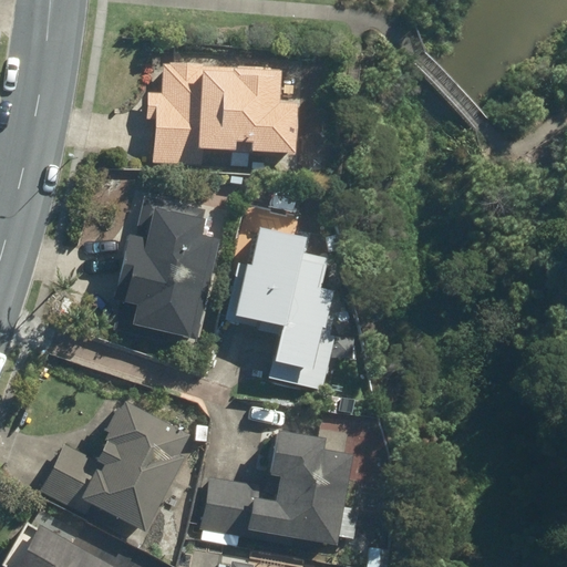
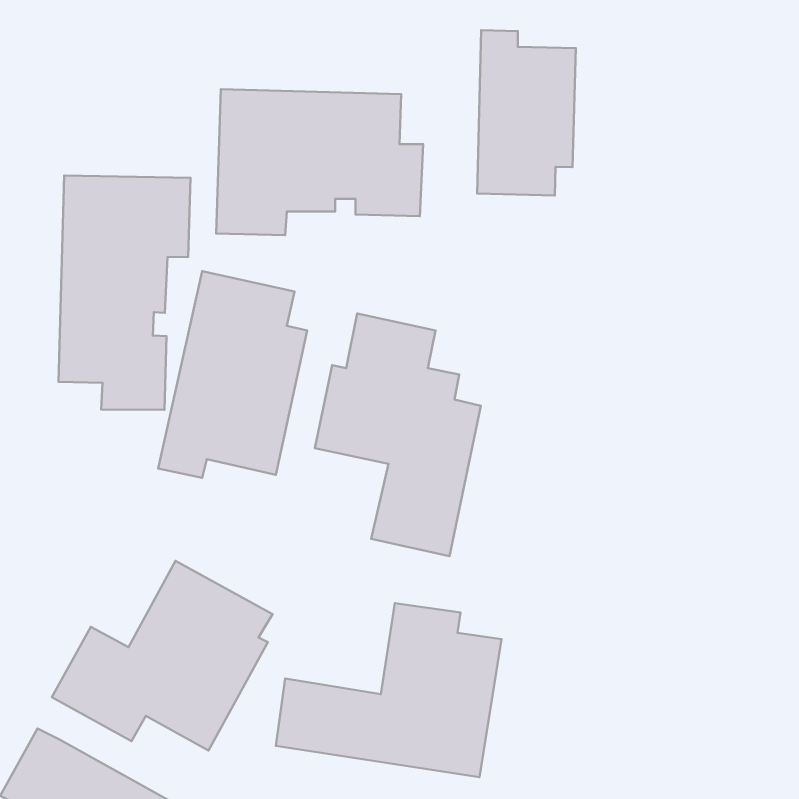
building: none -> [477,30,576,195]
building: none -> [59,176,190,410]

